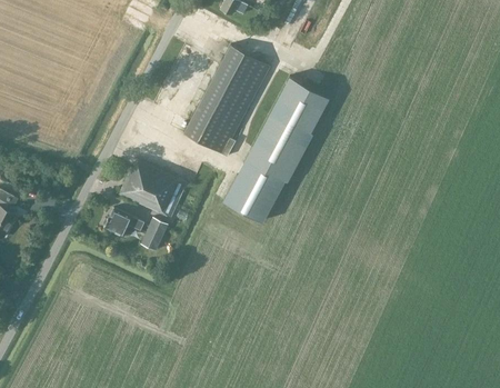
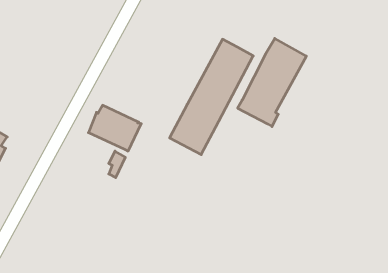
building: [183,47,270,158] -> [238,38,306,127]
building: [102,210,143,238] -> none

